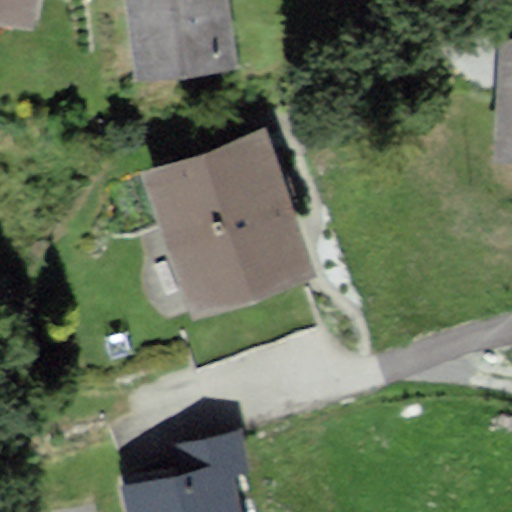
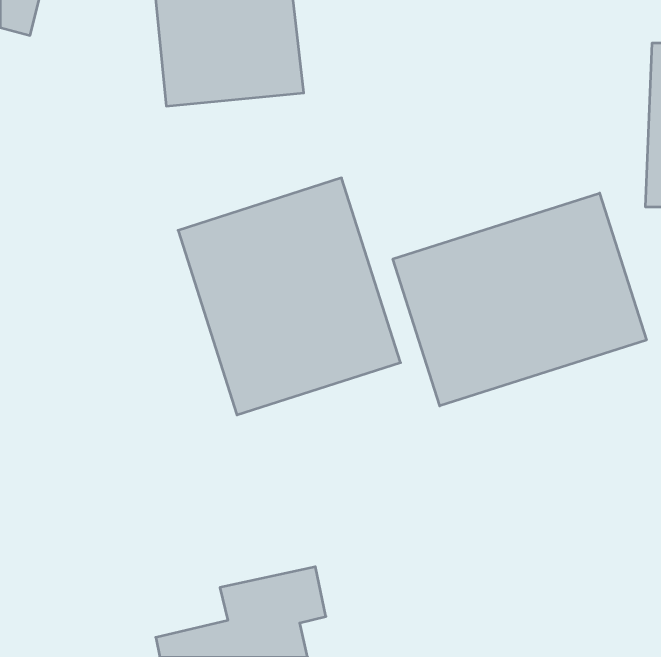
building: none -> [393,193,646,406]

